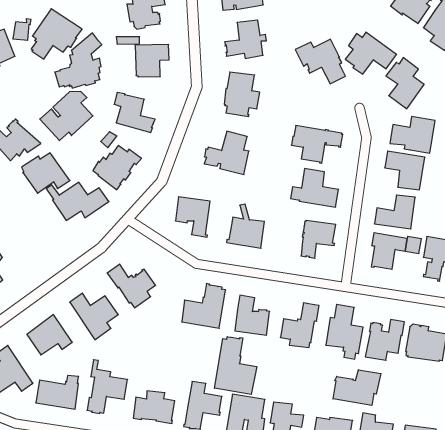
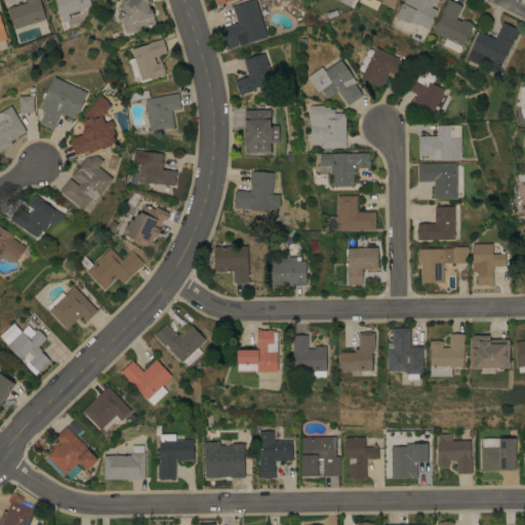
building: none -> [311,106,347,148]
building: [22,153,70,193] -> [47,286,98,329]
building: [215,337,257,394] -> none
building: [333,370,381,405] -> none

